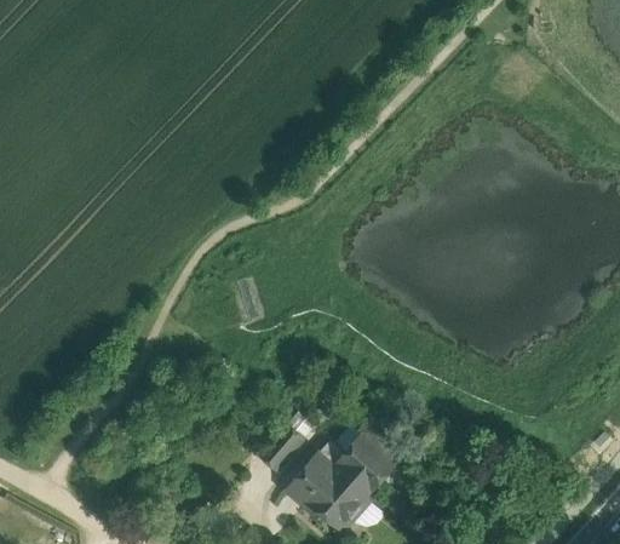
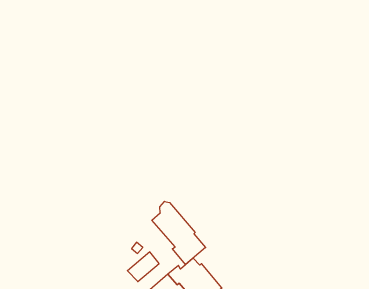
building: none -> [152,201,206,265]

